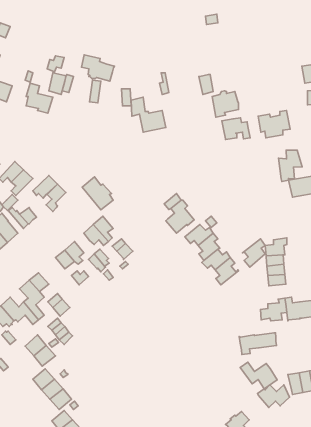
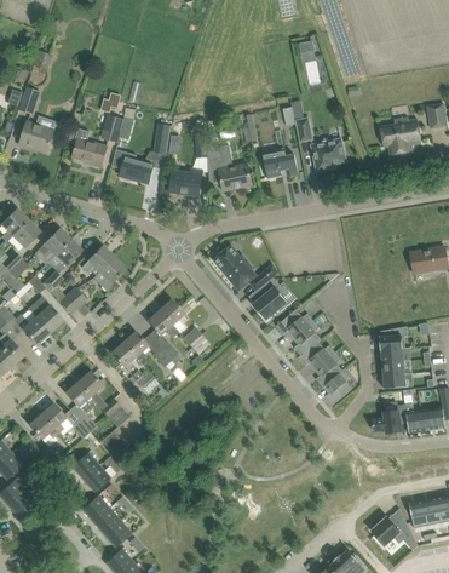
building: [81,55,114,81] -> [111,149,154,183]
building: [258,110,290,138] -> [380,119,421,154]
building: none -> [169,167,202,195]
building: [222,118,250,140] -> [261,149,298,177]
building: [279,150,302,182] -> none
building: [82,177,113,210] -> [214,245,254,287]
building: [242,239,265,267] -> [322,368,351,405]
building: [239,333,276,355] -> none
building: [240,362,277,389] -> none

